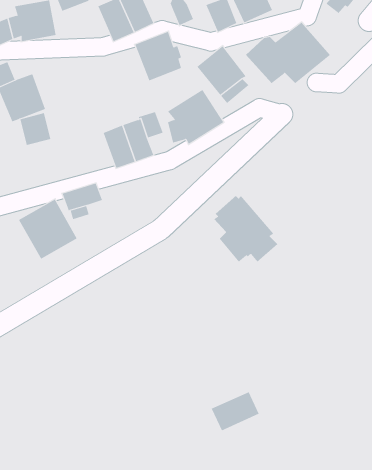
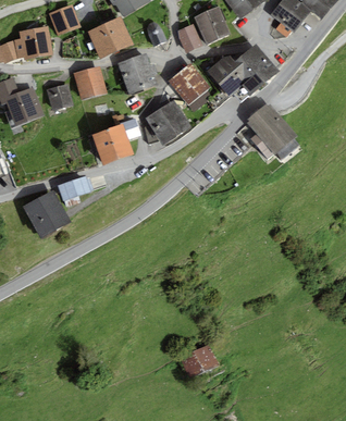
building: none -> [73,66,107,101]
building: [19,113,51,146] -> [46,84,72,111]
building: [214,195,278,263] -> [246,103,299,159]

